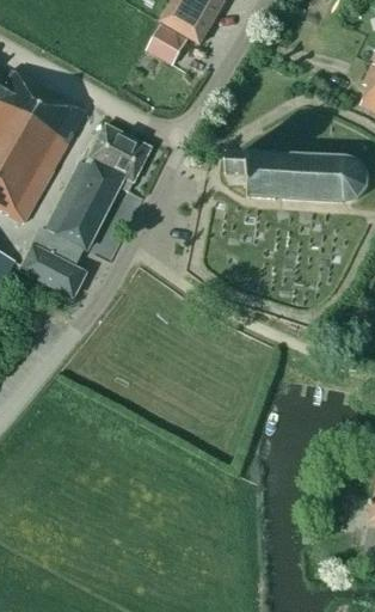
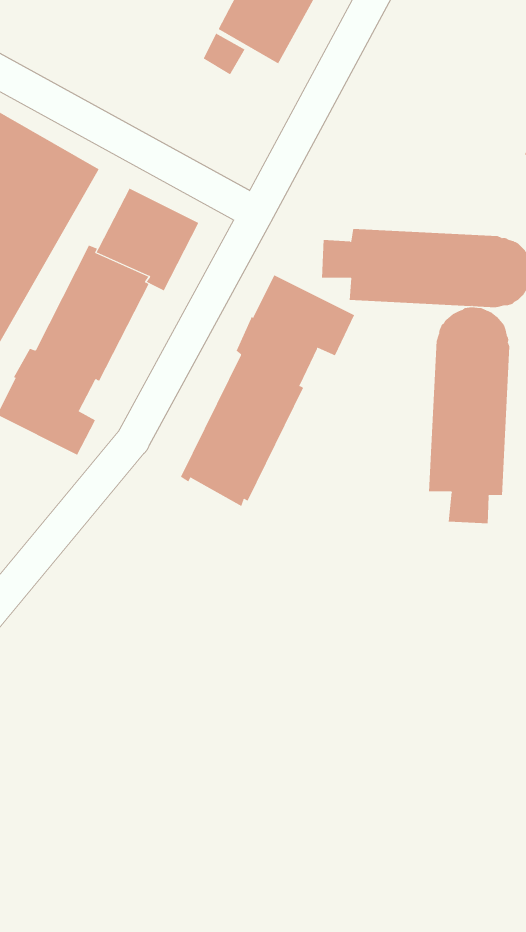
building: none -> [180,274,355,507]
building: none -> [428,306,510,524]

